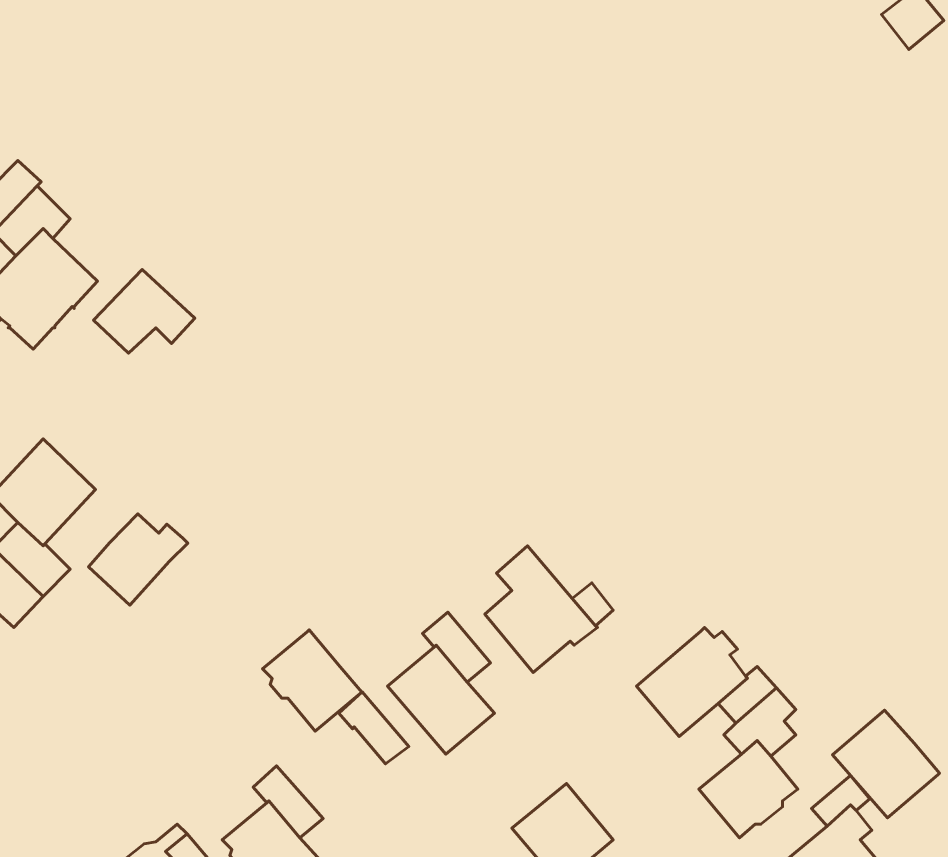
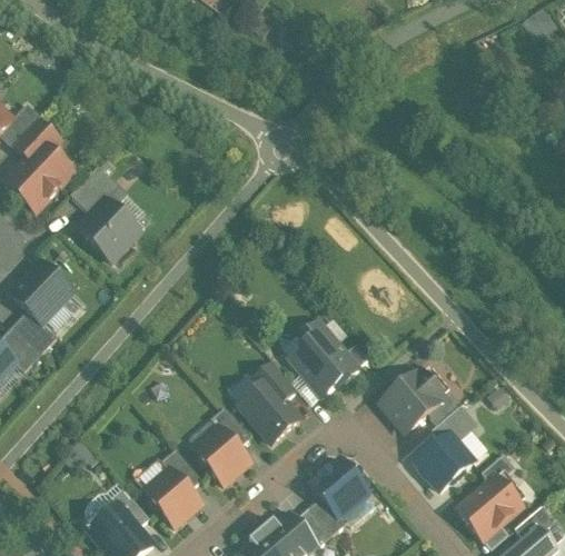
building: none -> [82,199,135,260]
building: [88,514,188,605] -> none
building: [262,630,362,731] -> [194,427,250,485]
building: [832,710,940,818] -> none

